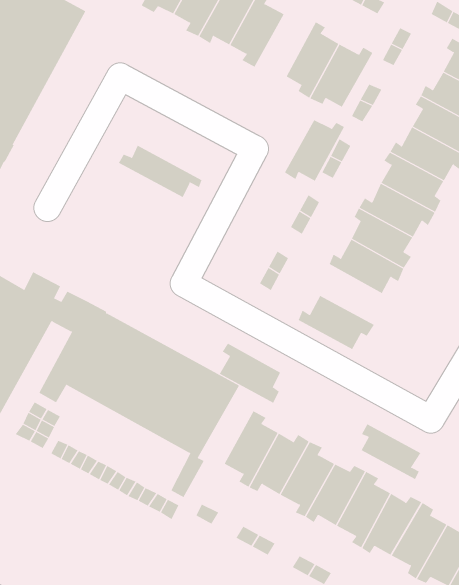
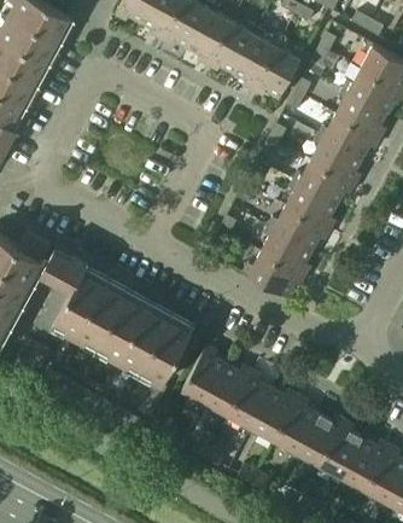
building: [284,119,345,181] -> [209,22,258,72]
building: [118,145,202,198] -> none
building: [219,343,281,403] -> [262,226,313,275]
building: [361,424,421,480] -> none

